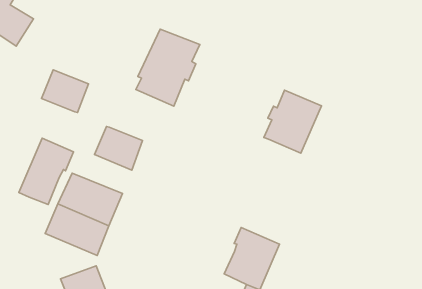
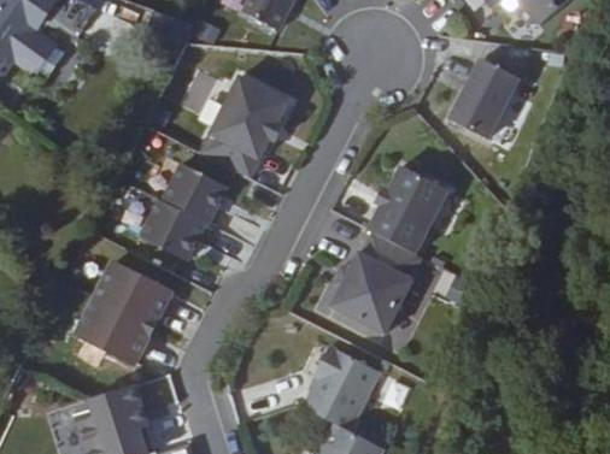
building: none -> [447,57,523,141]
building: [41,70,89,113] -> [163,164,227,223]
building: [19,138,73,205] -> none
building: none -> [333,230,422,332]

